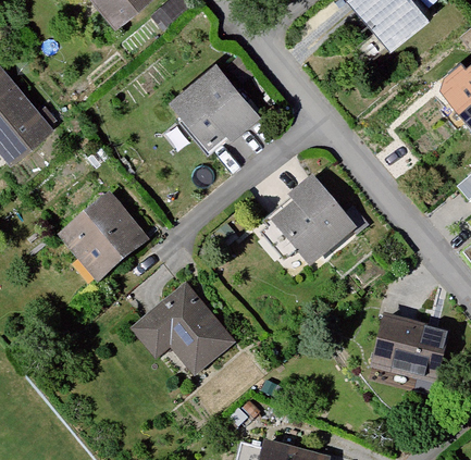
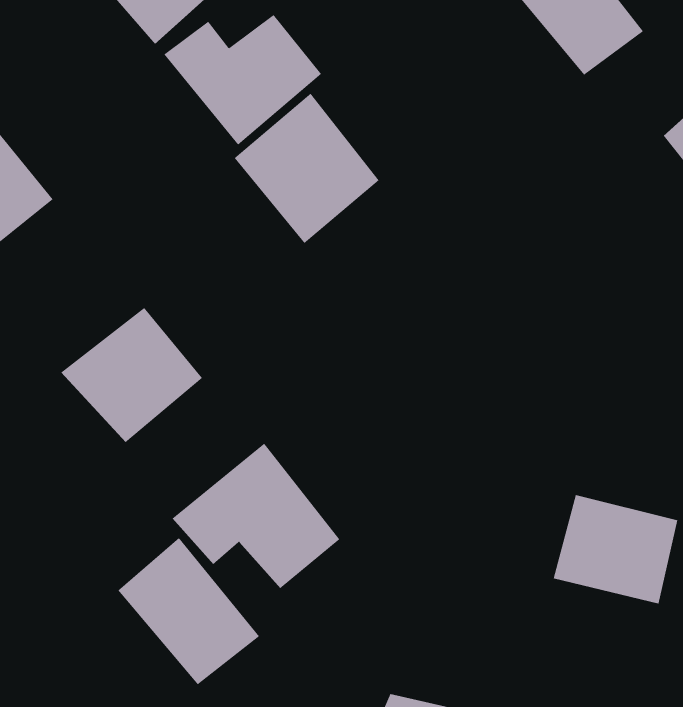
building: none -> [163,14,322,145]
building: [267,171,364,275] -> none
building: none -> [118,537,260,685]

